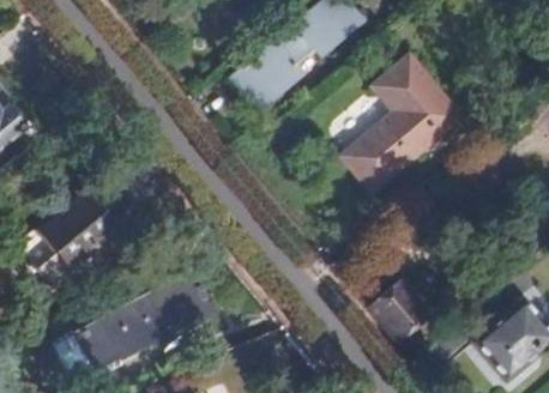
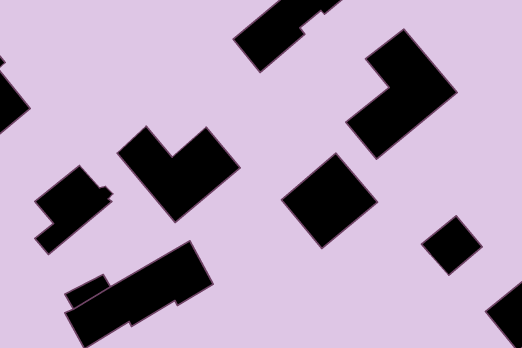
building: none -> [117,126,240,223]
building: none -> [282,153,378,248]
building: [374,283,433,340] -> [422,216,482,275]

